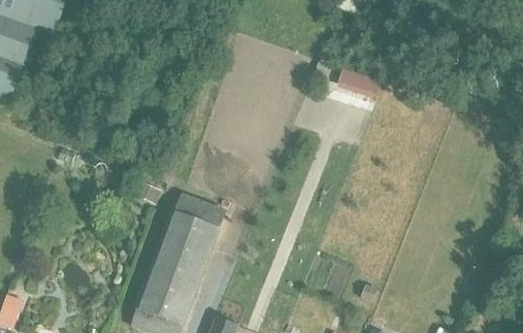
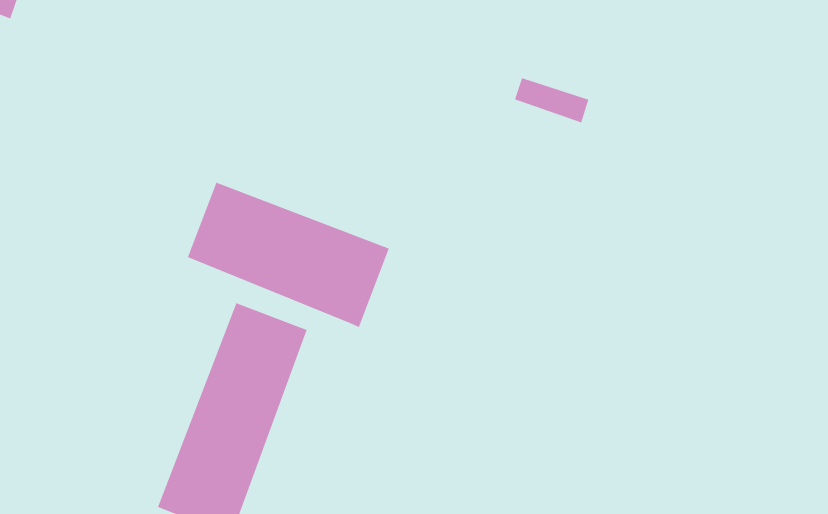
building: none -> [187,182,389,328]

